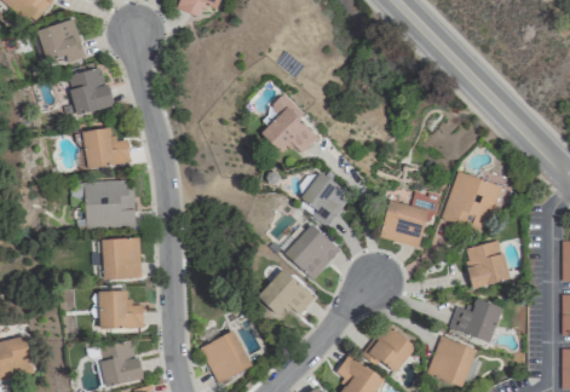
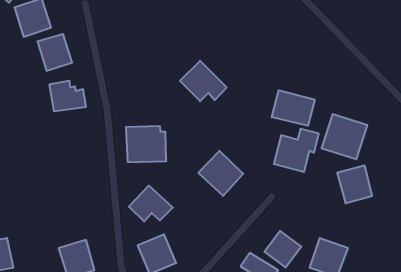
building: none -> [272,90,315,126]
building: [300,171,351,227] -> none
building: [84,180,137,227] -> [126,126,166,162]
building: [102,237,137,278] -> none
building: [257,269,315,316] -> [129,186,173,221]
building: [100,290,143,328] -> none
building: [449,298,502,342] -> none

